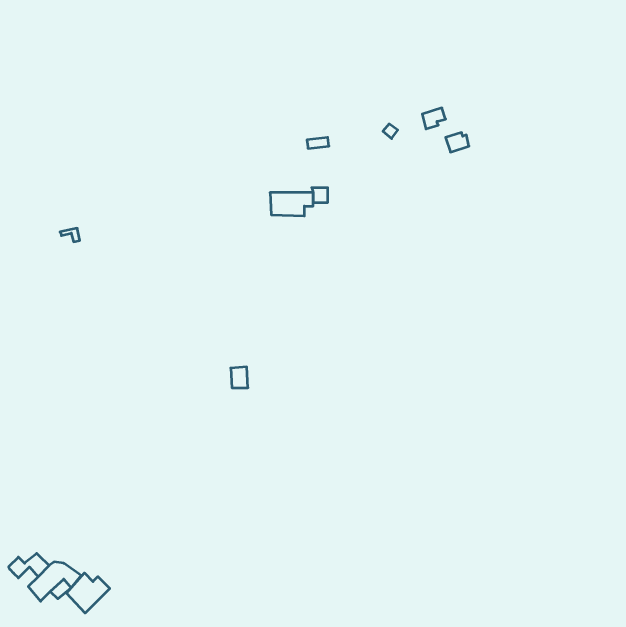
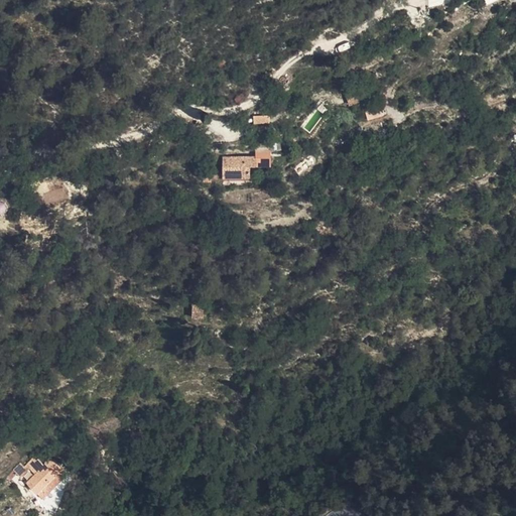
building: [66,573,110,613] -> none

